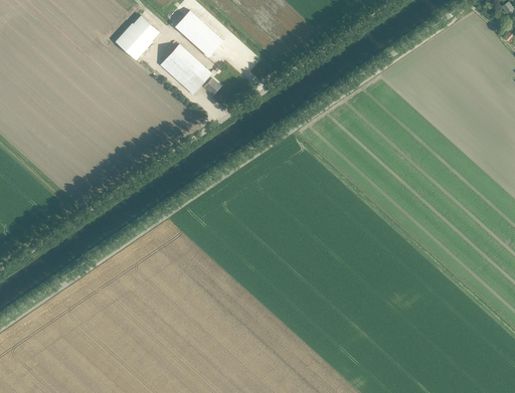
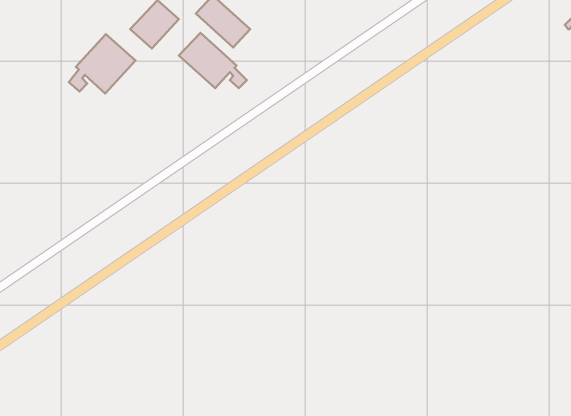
building: none -> [69,34,136,93]

